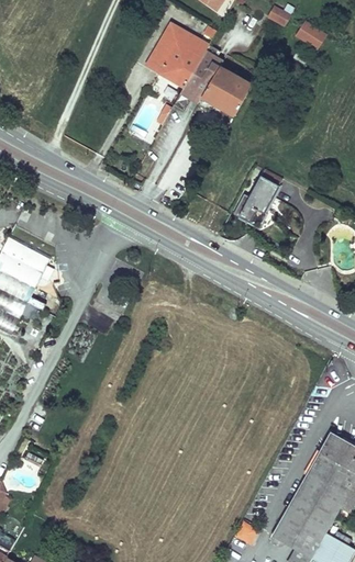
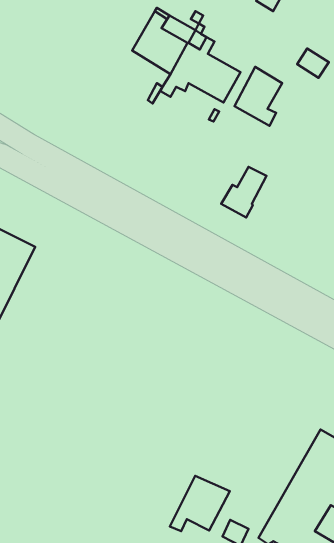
building: [295,21,325,49] -> [297,49,329,78]
building: none -> [234,67,282,126]
building: none -> [170,476,230,531]

